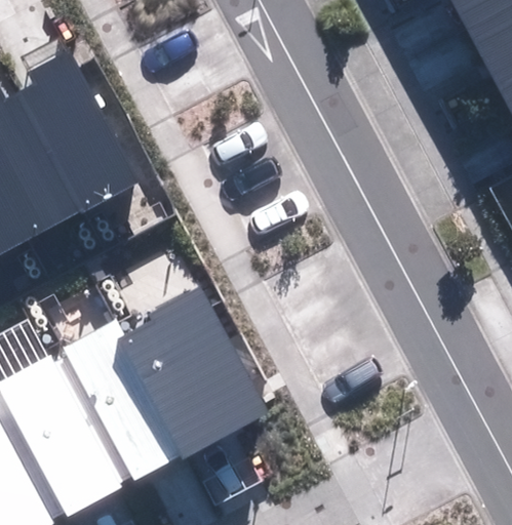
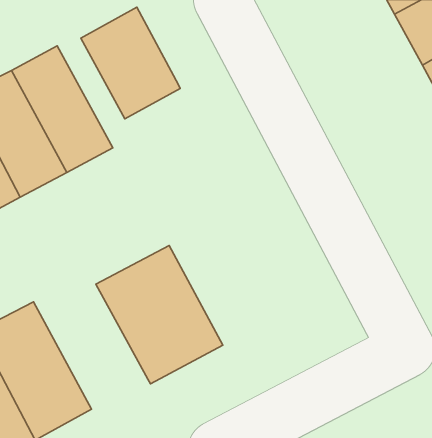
building: none -> [81,7,180,119]
building: [46,325,180,485] -> none

